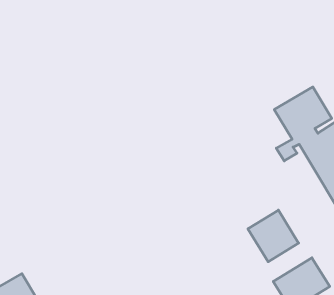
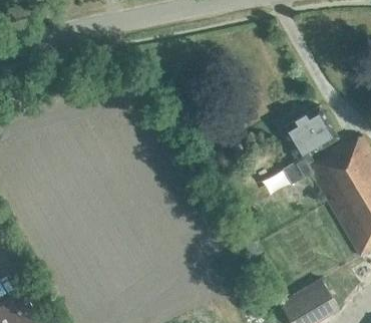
building: [248,210,299,262] -> none

